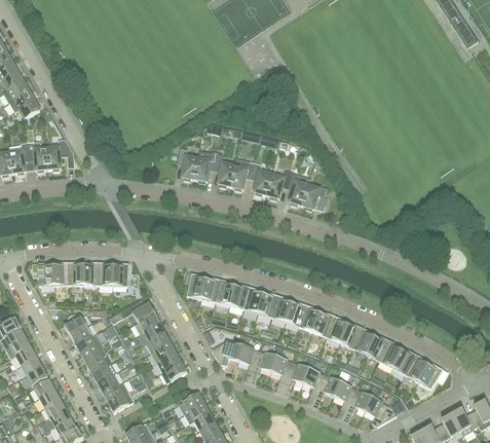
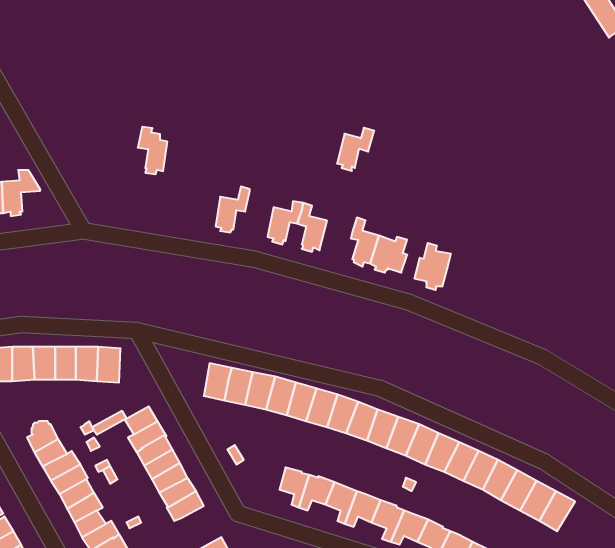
building: [177,147,197,180] -> [138,127,167,174]
building: [215,153,234,187] -> none
building: [266,170,292,199] -> [337,128,374,171]
building: none -> [415,243,451,290]
building: [212,340,242,365] -> none

